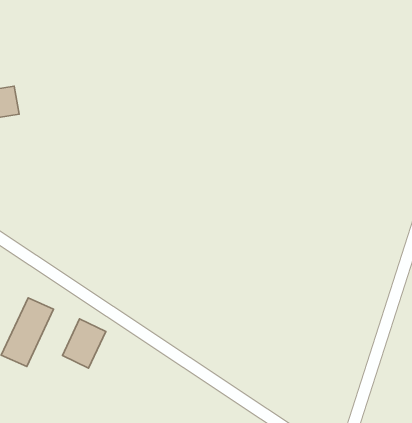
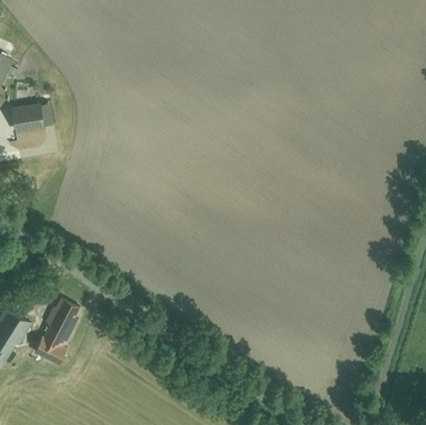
building: [62,319,106,368] -> none

